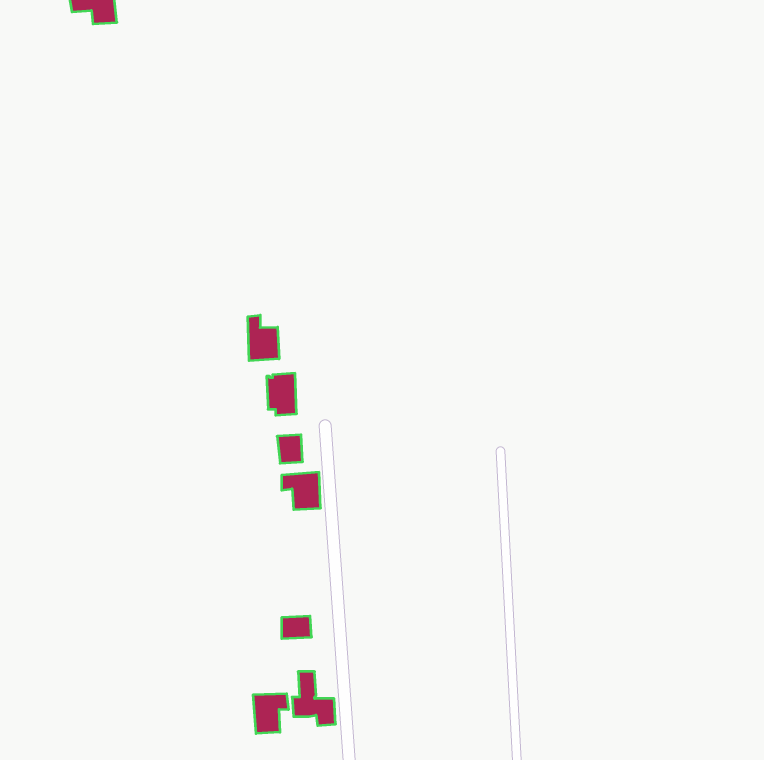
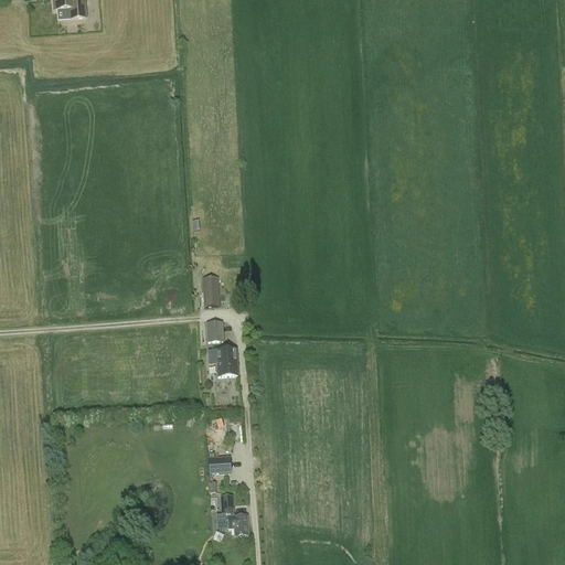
building: [248,315,279,361] -> none
building: [253,694,288,734] -> none

